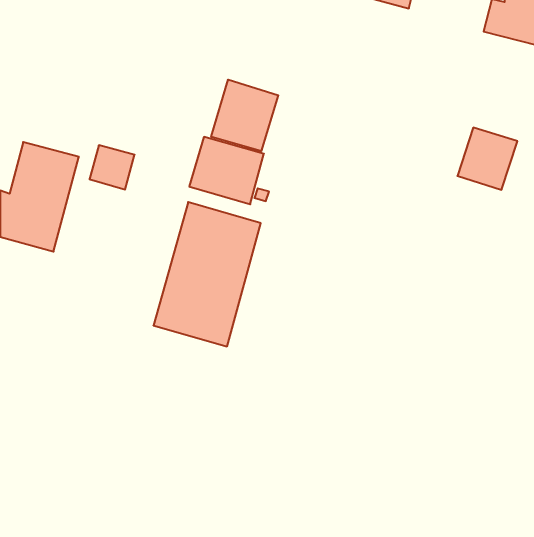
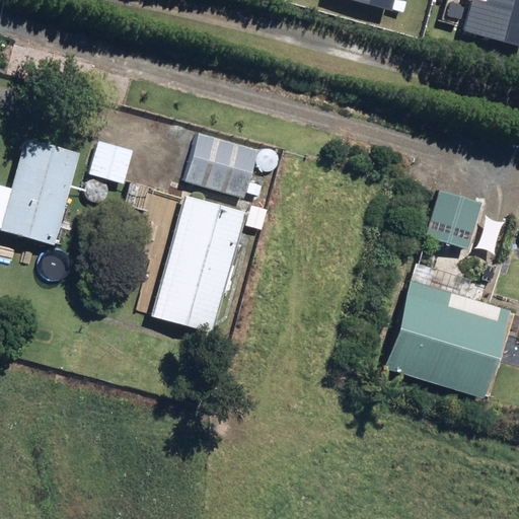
building: [211,80,278,151] -> none
building: [457,128,517,190] -> [424,192,481,251]
building: none -> [384,284,510,400]

